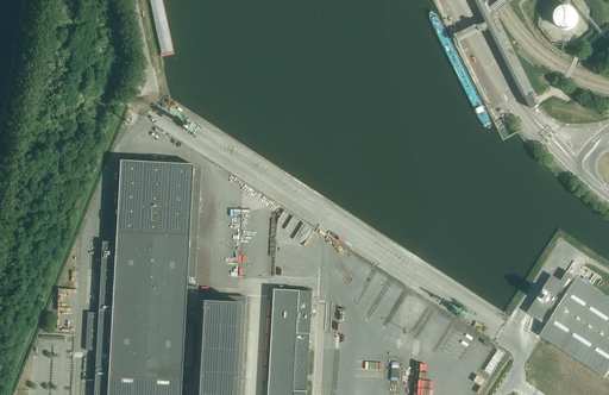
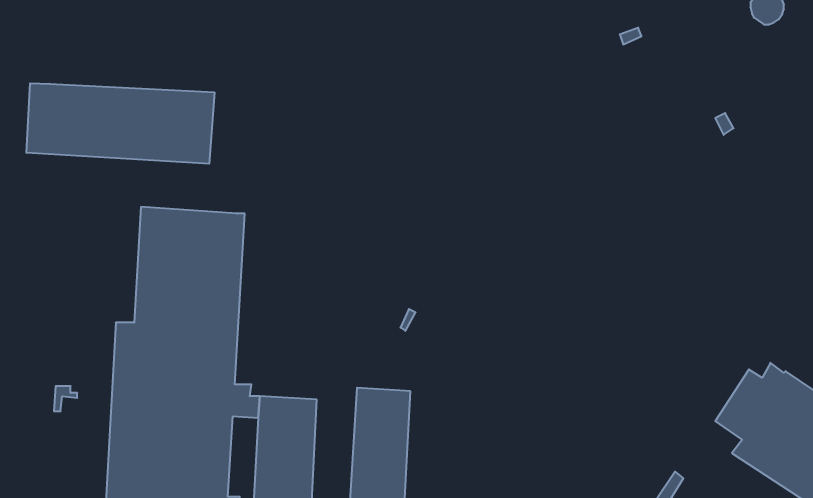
building: none -> [27,83,214,164]

